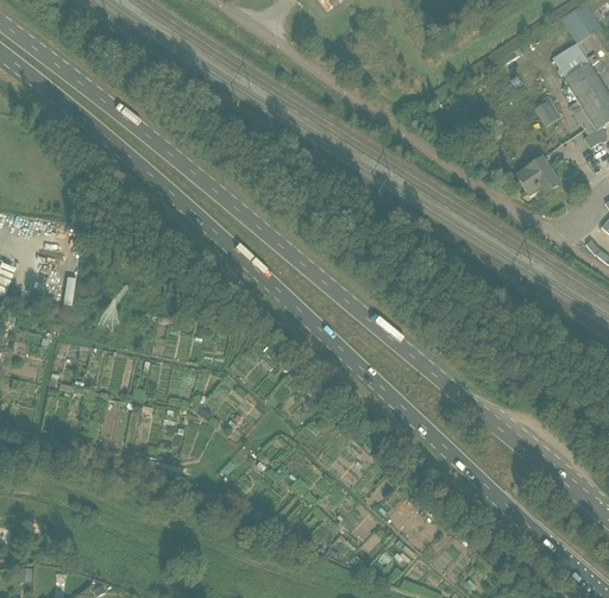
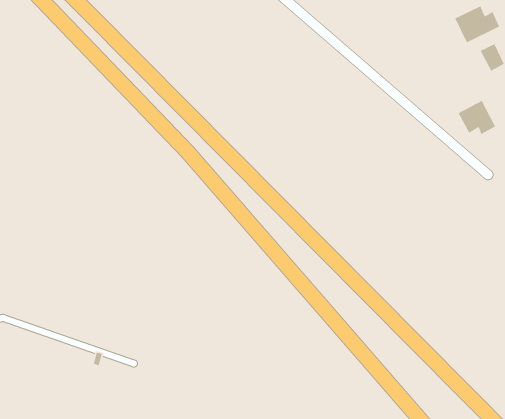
building: none -> [454,5,500,44]

